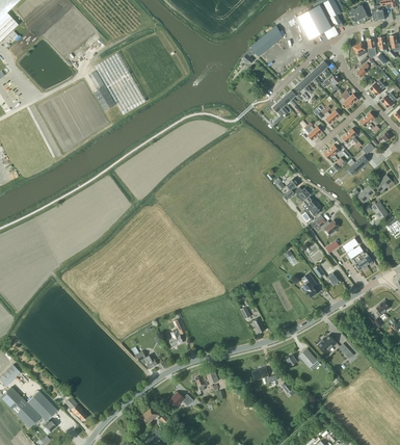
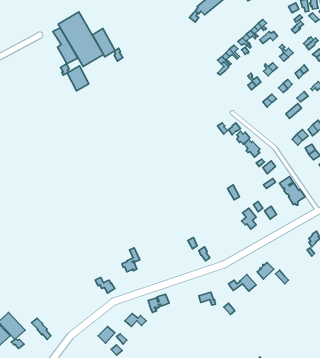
building: none -> [92,29,123,61]
building: none -> [60,64,89,91]

